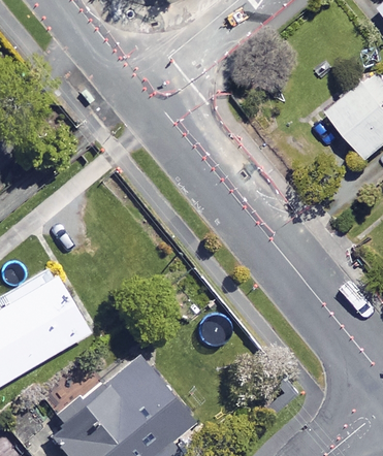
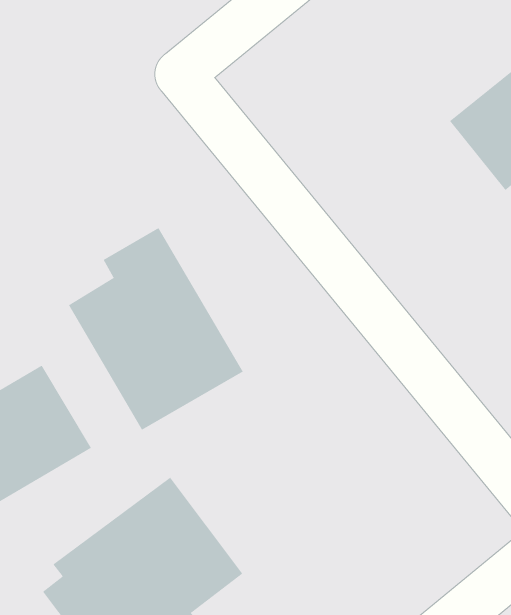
building: none -> [68,227,244,431]

